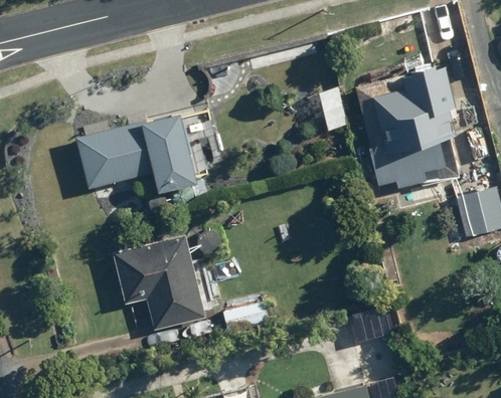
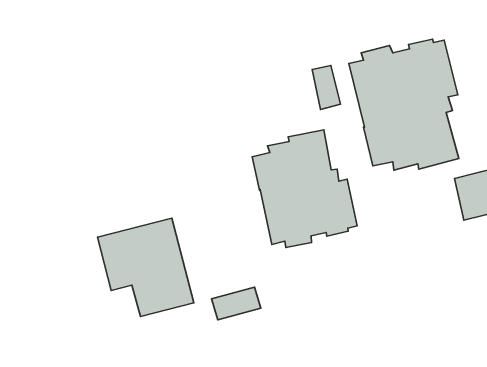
building: [75,110,215,191] -> none
building: none -> [252,130,357,248]

